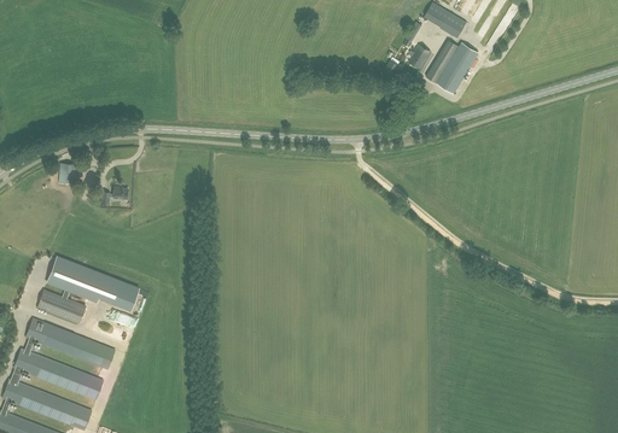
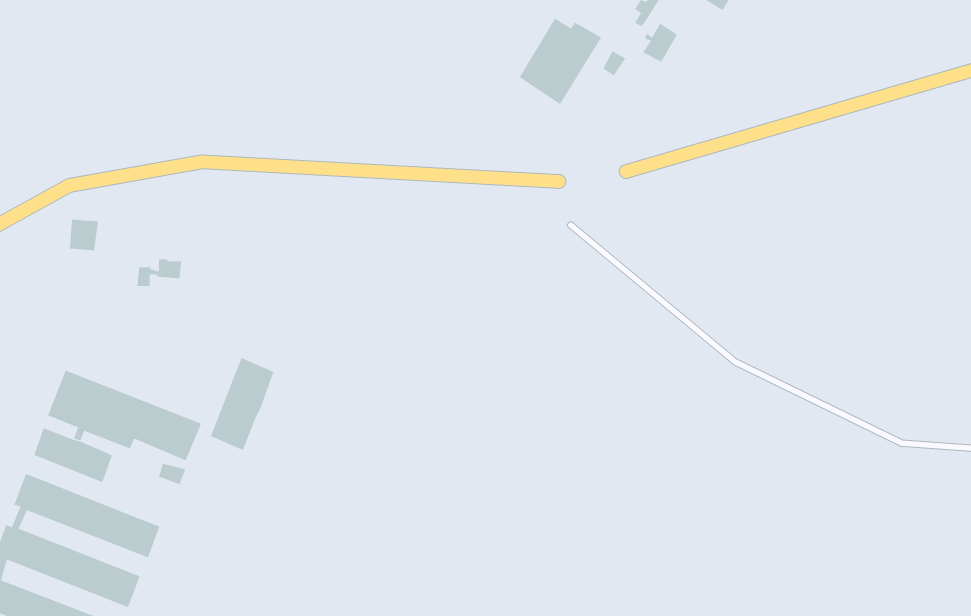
building: [427,40,478,93] -> [519,18,602,105]
building: none -> [210,357,274,451]

